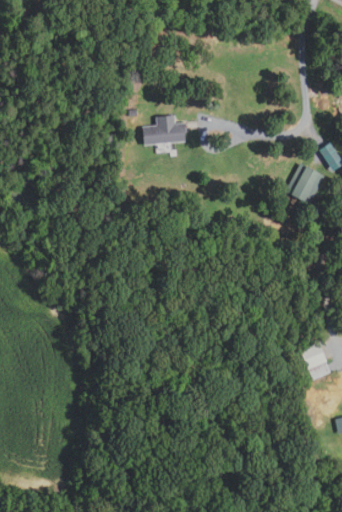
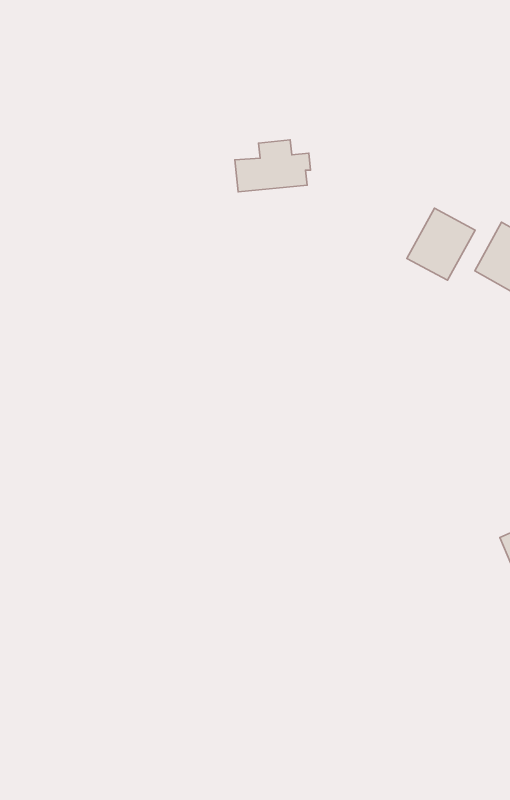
building: none -> [407,208,475,280]

